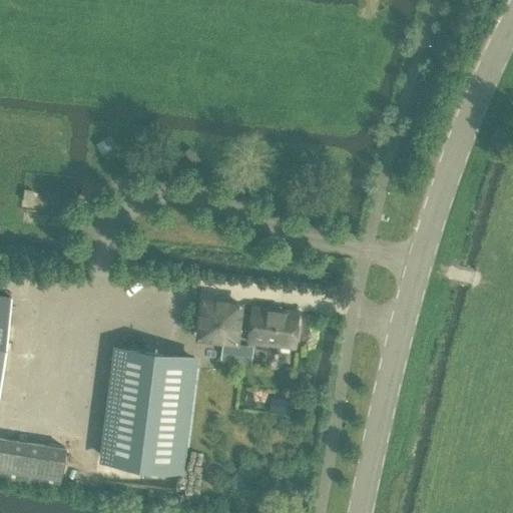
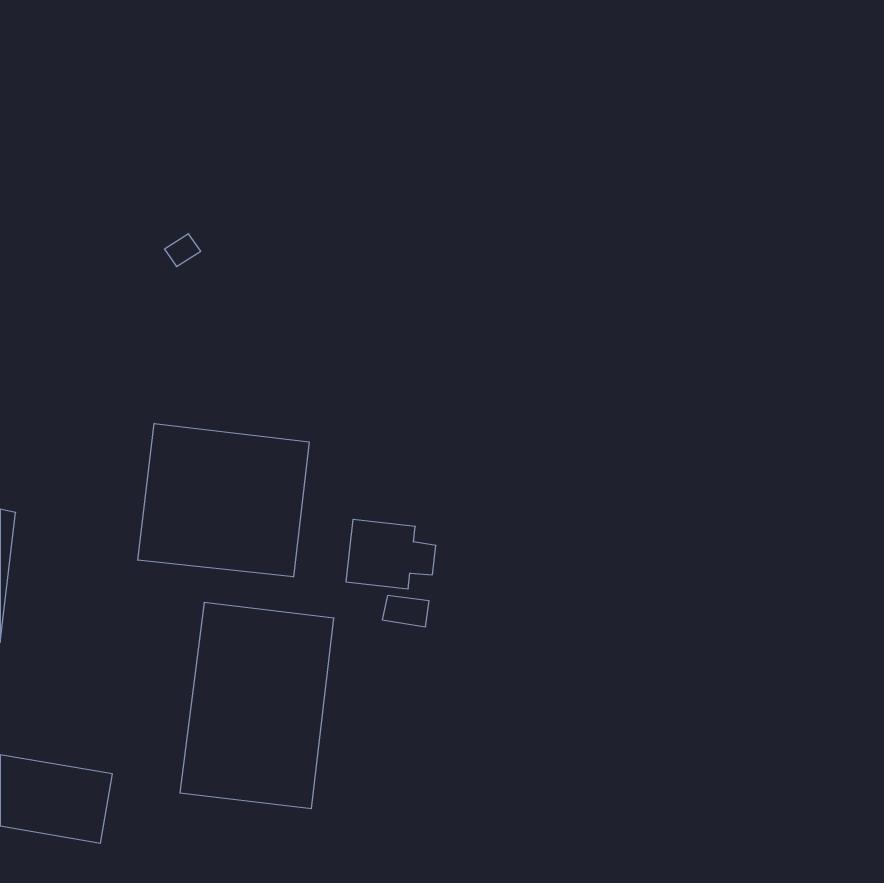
building: none -> [138,423,309,577]
building: [248,308,300,350] -> none

